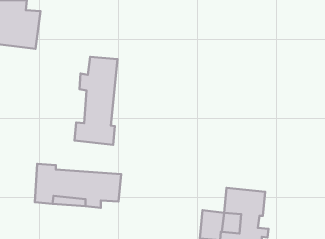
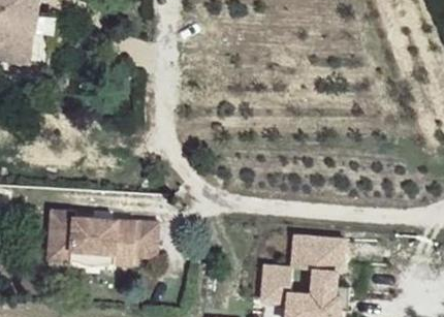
building: [75,57,118,145] -> none

